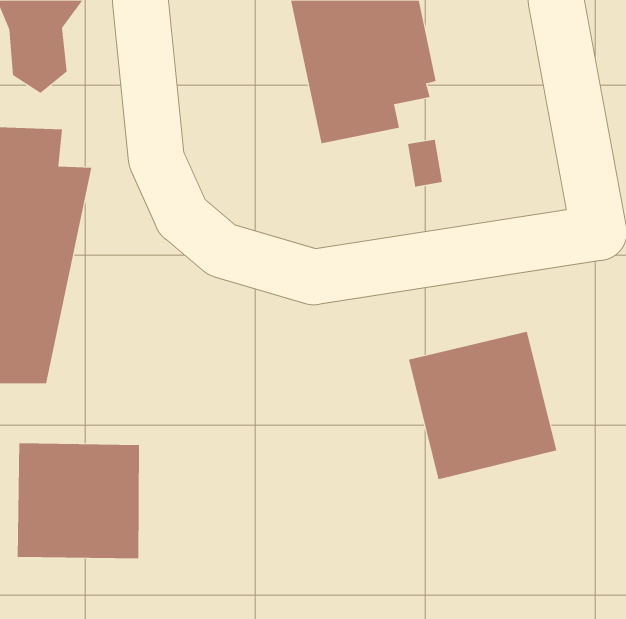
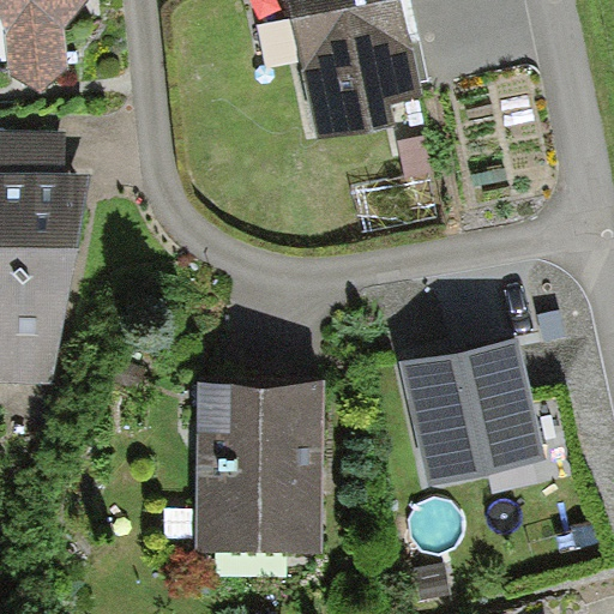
building: none -> [197,373,323,550]
building: [17,443,140,559] -> none

